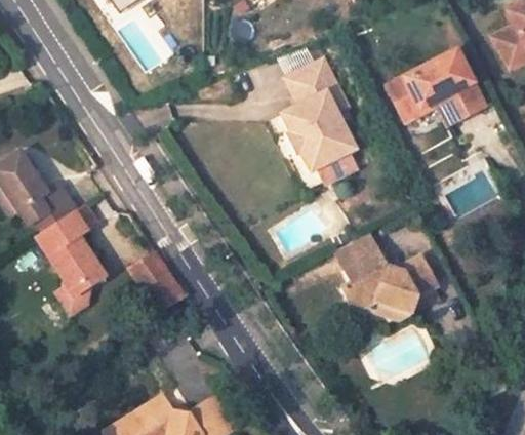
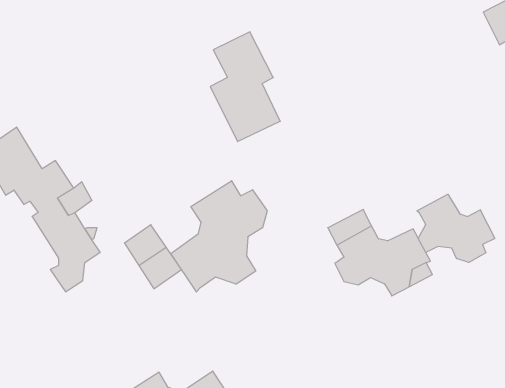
building: [390,54,485,124] -> none
building: [285,62,356,172] -> [210,32,280,142]
building: none -> [171,181,267,292]
building: none -> [417,194,495,262]

